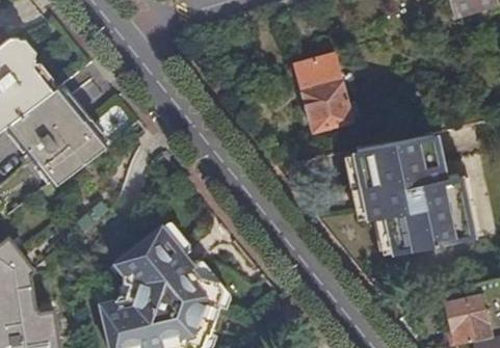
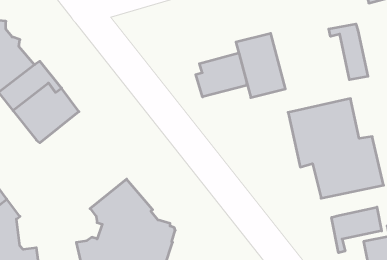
building: none -> [329,24,368,80]
building: none -> [196,53,247,97]
building: none -> [332,207,382,253]

